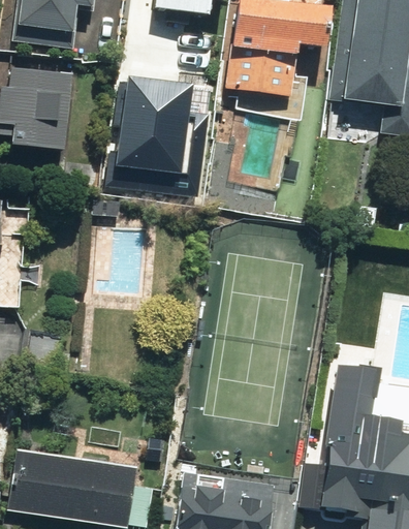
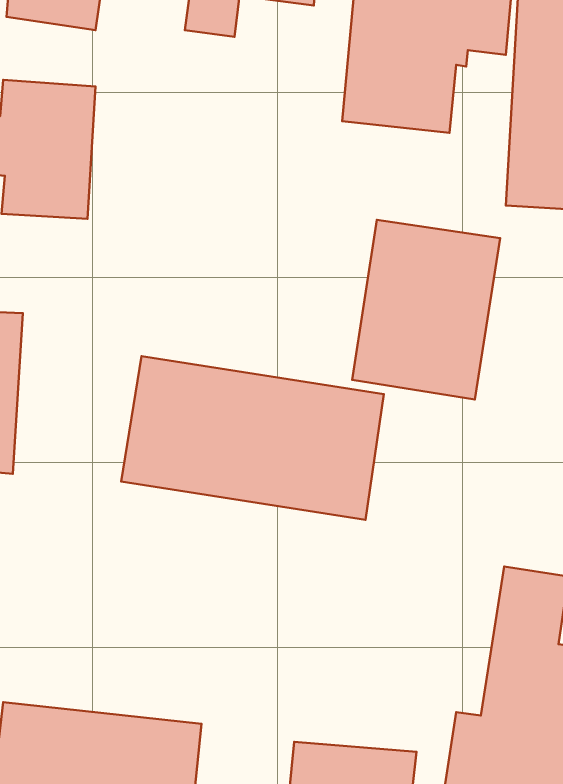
building: [107,70,206,190] -> none
building: none -> [352,220,500,399]
building: none -> [121,356,384,520]

